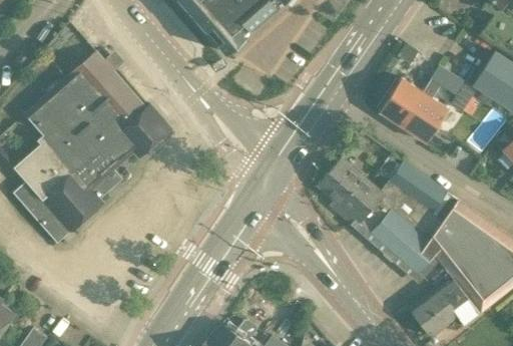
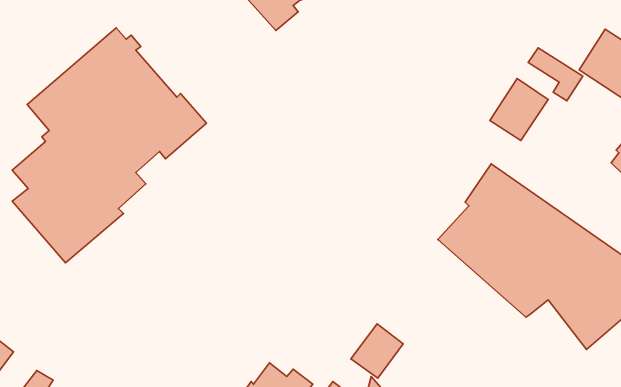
building: [380,78,423,126] -> none
building: [318,158,384,225] -> none
building: [410,272,479,337] -> none
building: none -> [351,324,403,378]

